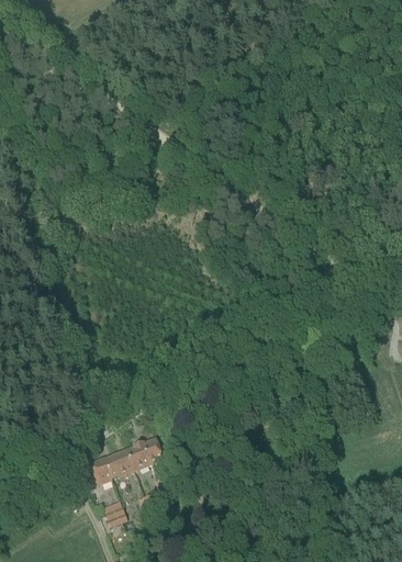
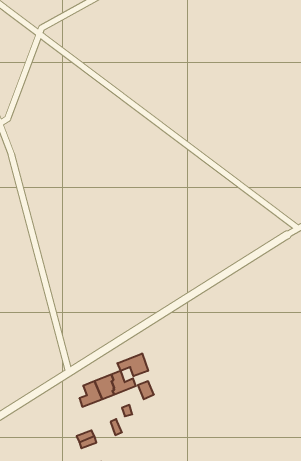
building: none -> [117,353,148,376]
building: [87,454,116,485] -> none

